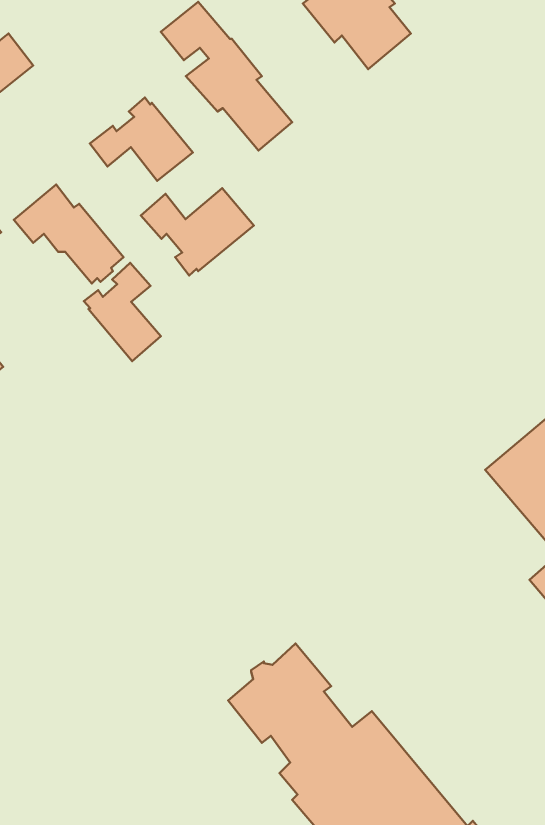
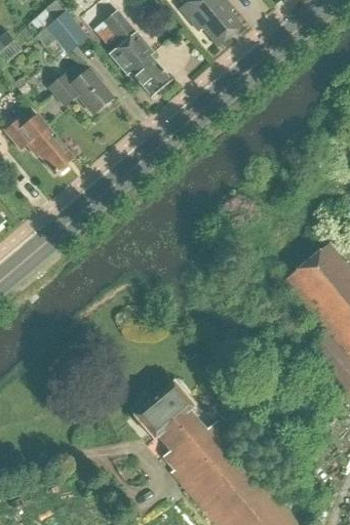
building: none -> [36,13,84,53]
building: [141,188,254,276] -> none
building: [84,263,161,361] -> none

